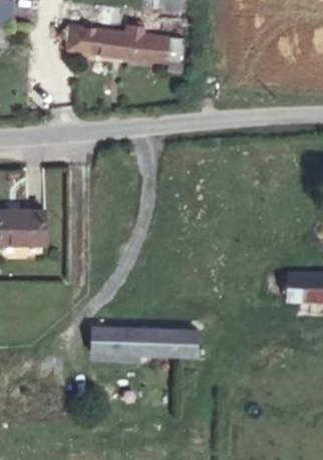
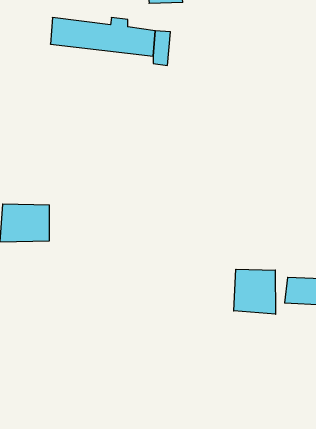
building: none -> [234,269,276,314]
building: [75,331,188,362] -> none

